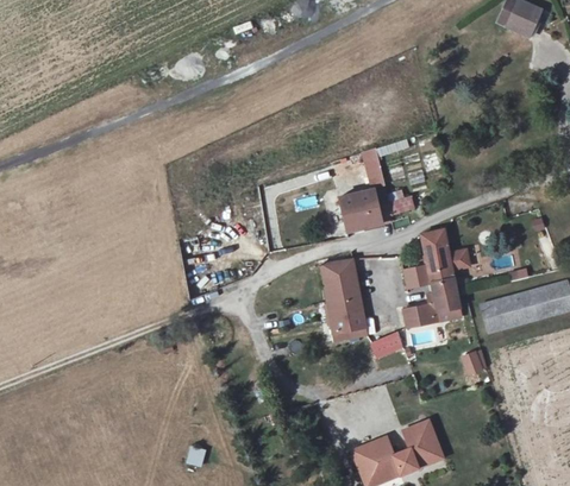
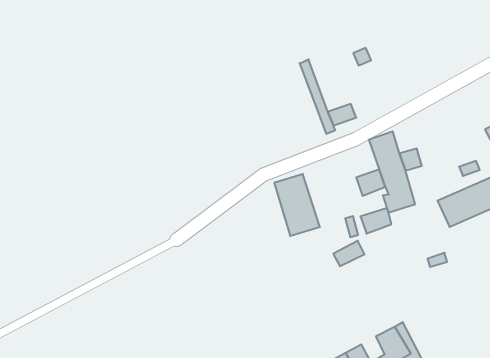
building: [338,190,380,231] -> none
building: [330,314,364,339] -> none

